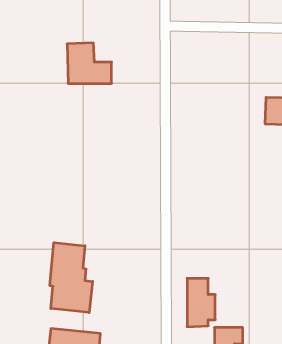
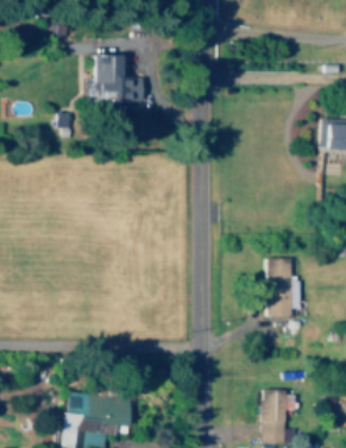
building: [50,243,93,313] -> none
building: [187,278,215,327] -> [266,258,300,315]

